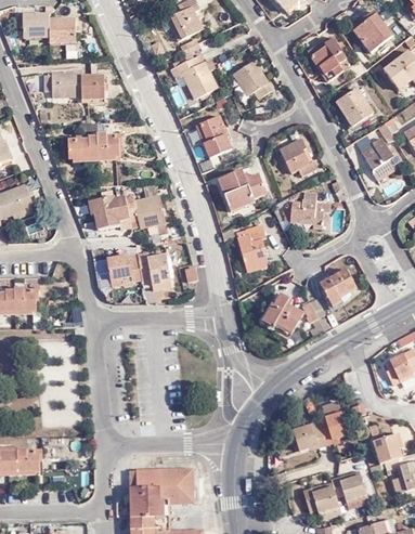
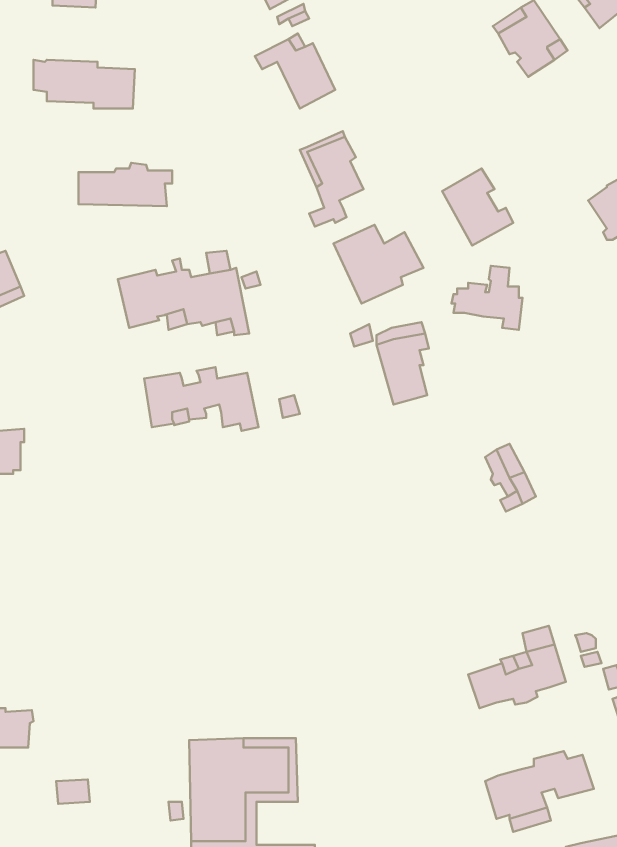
building: [236,66,273,105] -> none
building: [336,90,372,128] -> none
building: [320,264,359,304] -> none
building: [263,296,302,333] -> none

